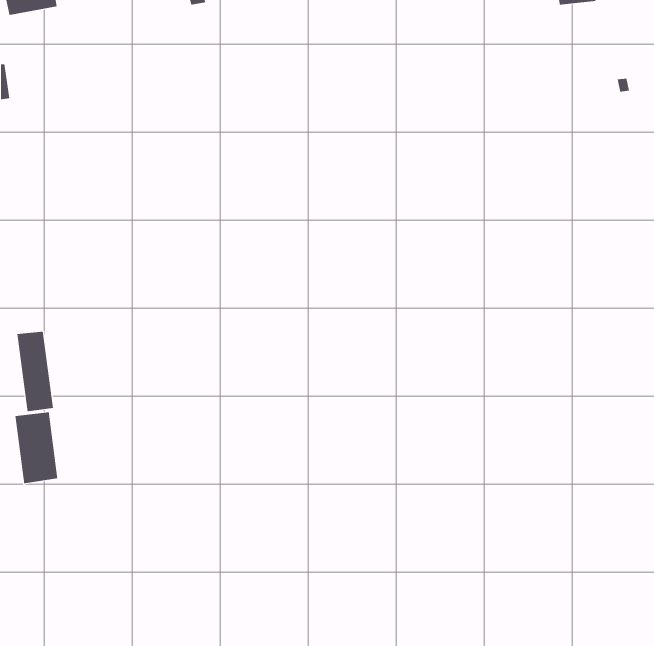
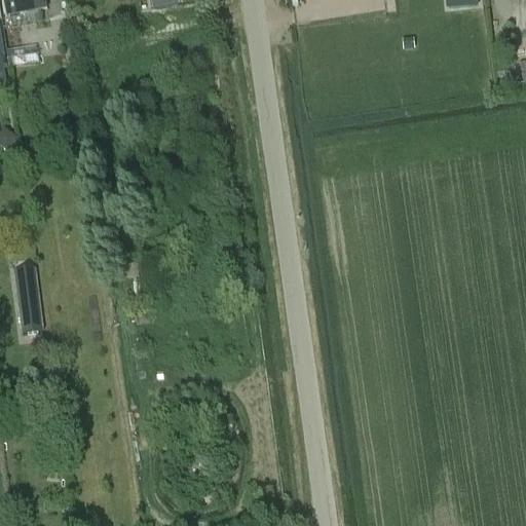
building: [15,411,58,484] -> none

